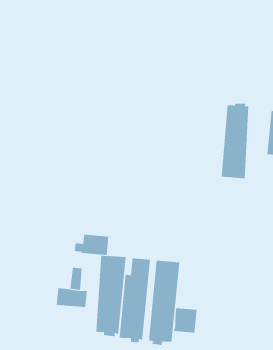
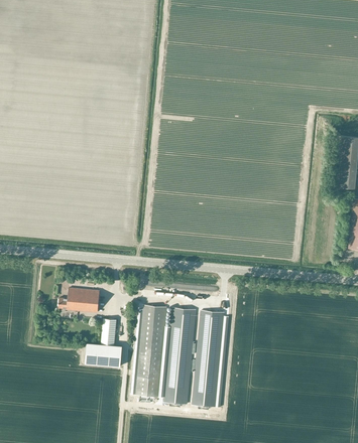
building: [221,103,249,179] -> none
building: [74,234,109,256] -> [58,288,100,313]
building: [174,307,197,333] -> none

